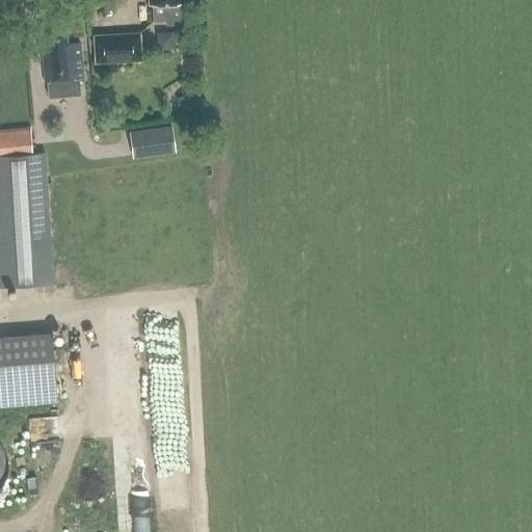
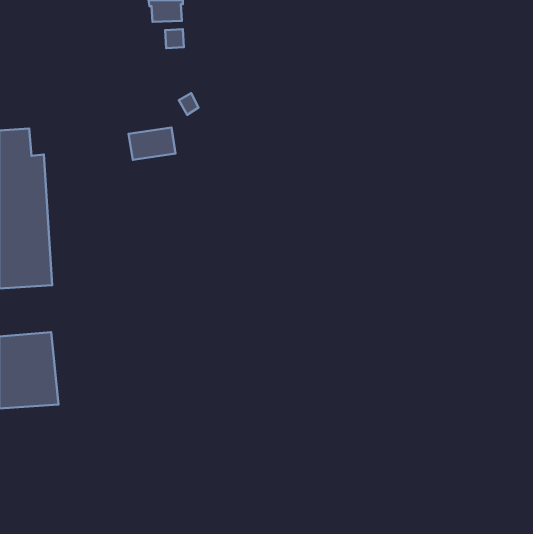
building: [91,33,142,65] -> none
building: [41,36,83,98] -> none

